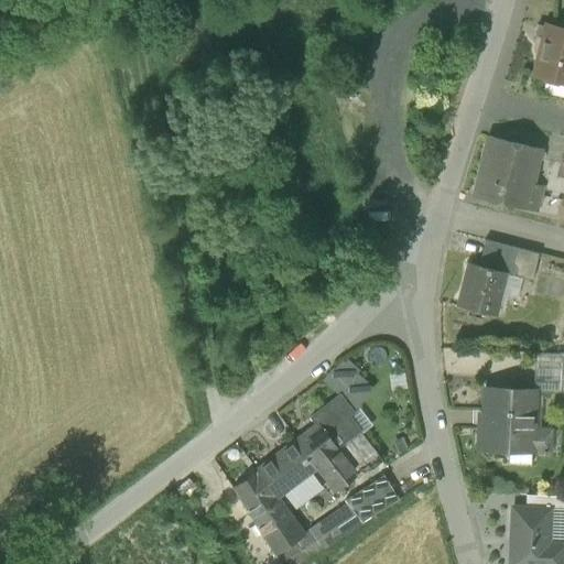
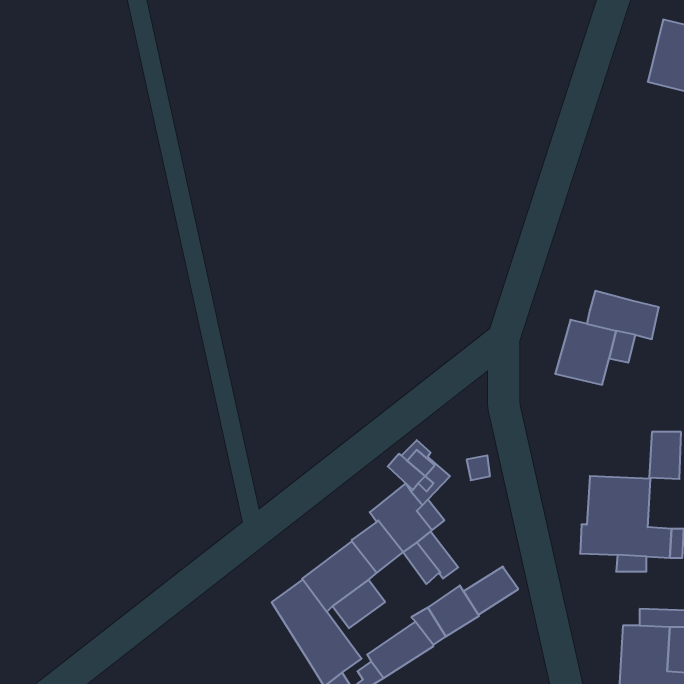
building: [473,137,543,212] -> none
building: [316,448,356,489] -> none
building: none -> [464,566,518,615]

